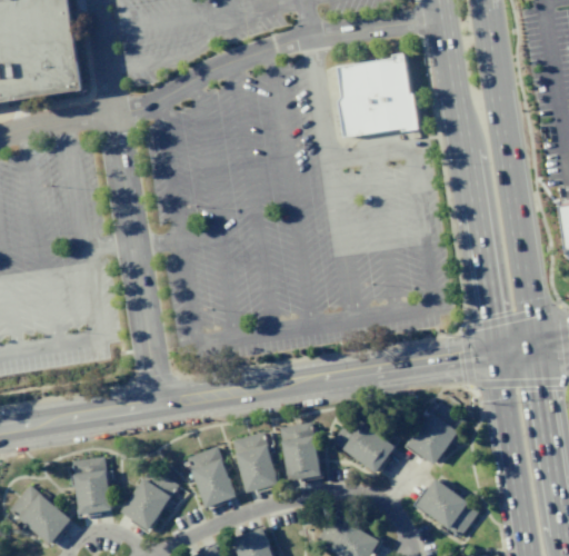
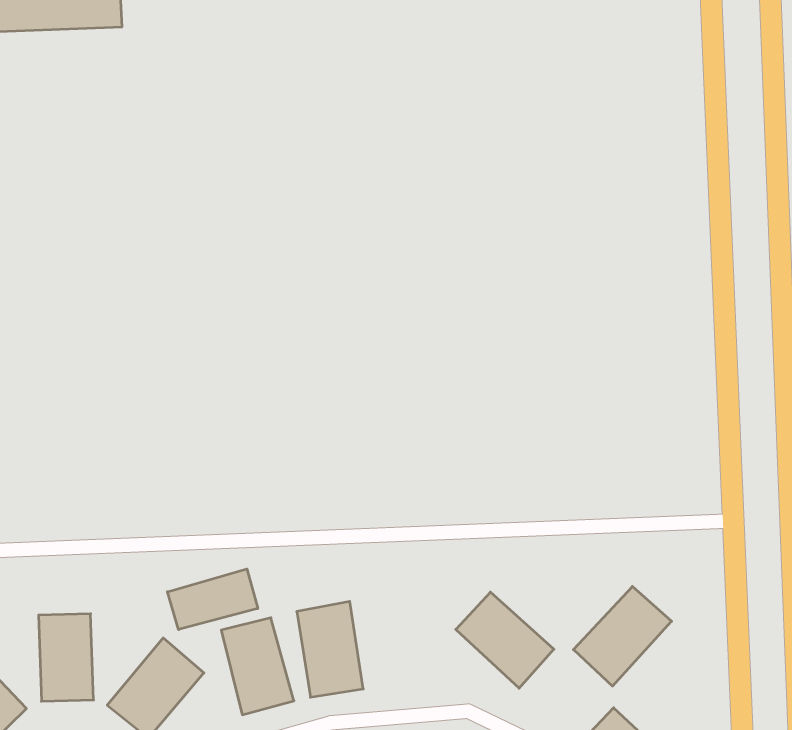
building: [337,54,419,138] -> none
building: none -> [167,569,258,630]
building: [279,423,321,481] -> none

